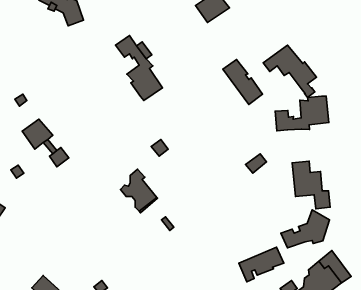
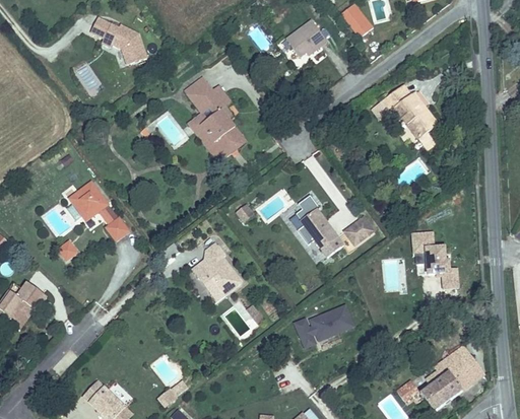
building: none -> [190,98,218,155]
building: [223,59,262,105] -> [295,202,344,259]
building: [275,96,329,131] -> none
building: [281,210,329,248] -> none
building: [239,247,284,282] -> [294,308,350,352]

